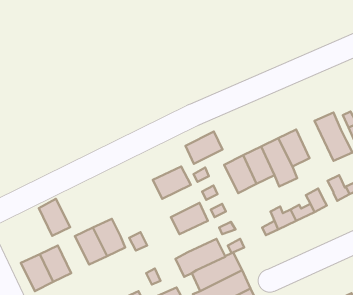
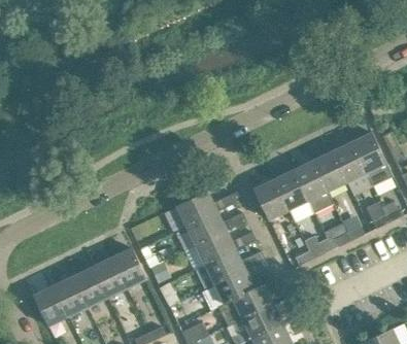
building: none -> [332,142,372,195]
building: [185,131,222,164] -> [186,211,227,246]
building: [39,199,70,236] -> [73,267,107,307]
building: none -> [195,250,245,288]

